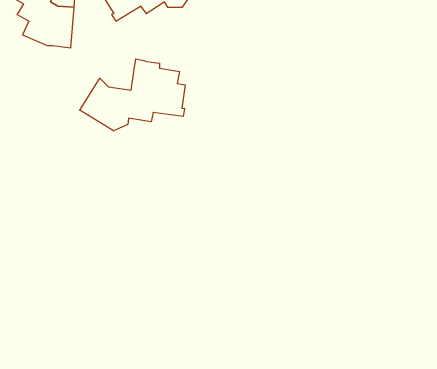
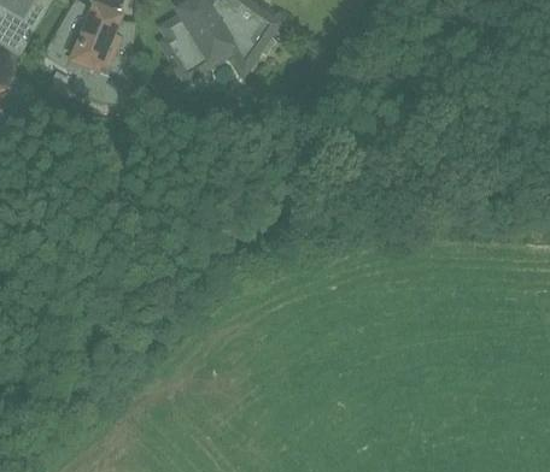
building: [80,59,185,131] -> none

